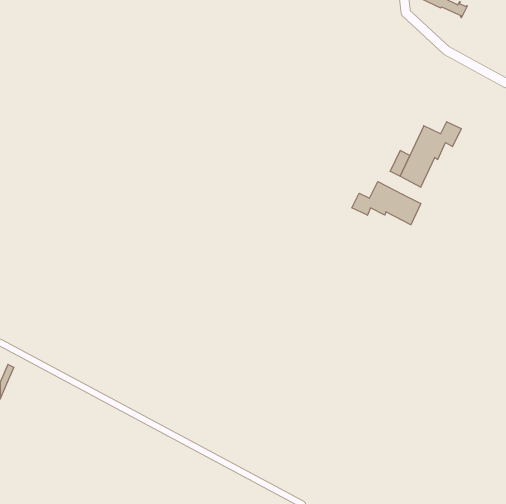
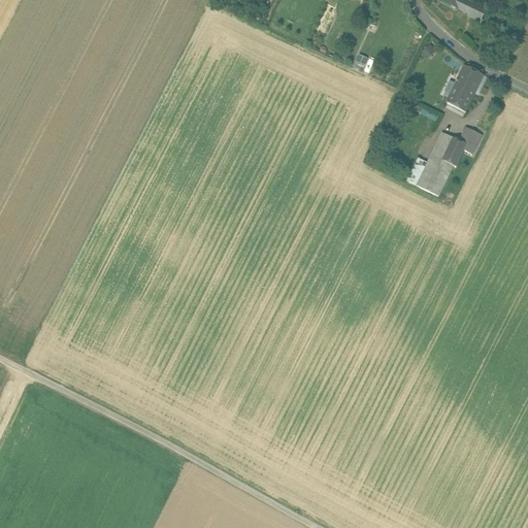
building: none -> [446,64,484,111]
building: [352,182,421,225] -> none

